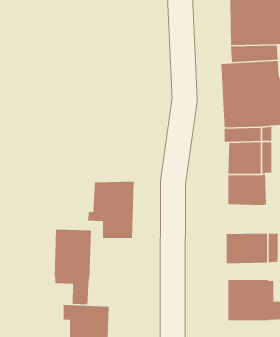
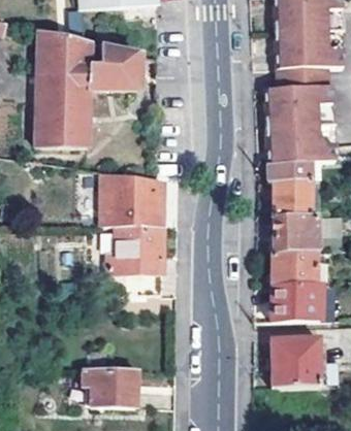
building: none -> [34,28,138,146]
building: none -> [100,170,164,226]
building: none -> [269,253,312,286]
building: [54,229,92,305] -> none

